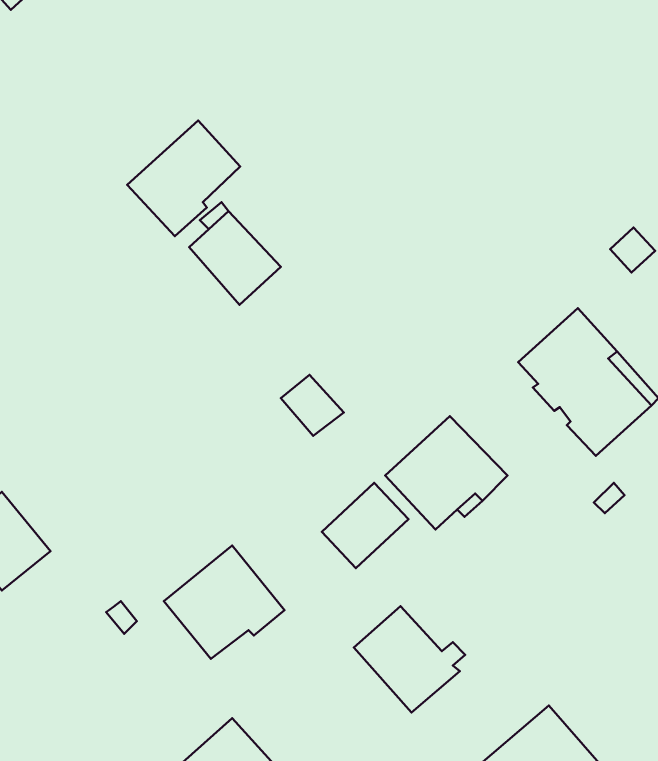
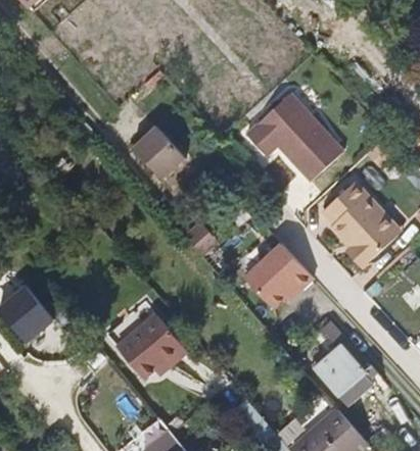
building: [127,121,240,236] -> none
building: none -> [242,94,340,182]
building: [322,483,408,568] -> none
building: [354,606,465,712] -> [313,343,376,403]

